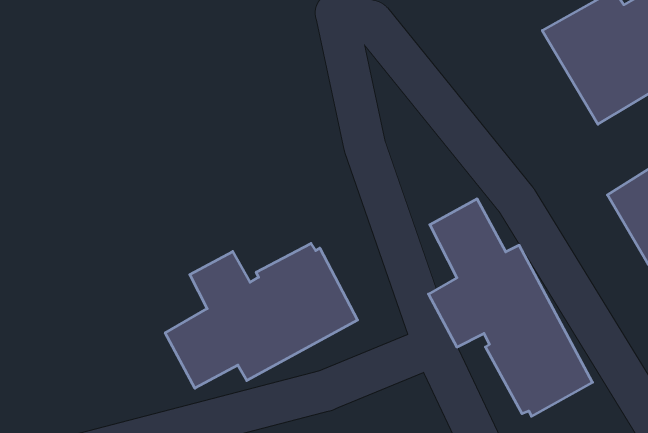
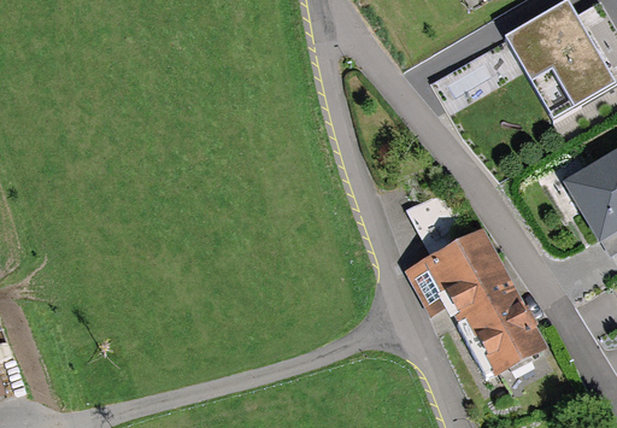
building: [165,243,358,388] -> none

